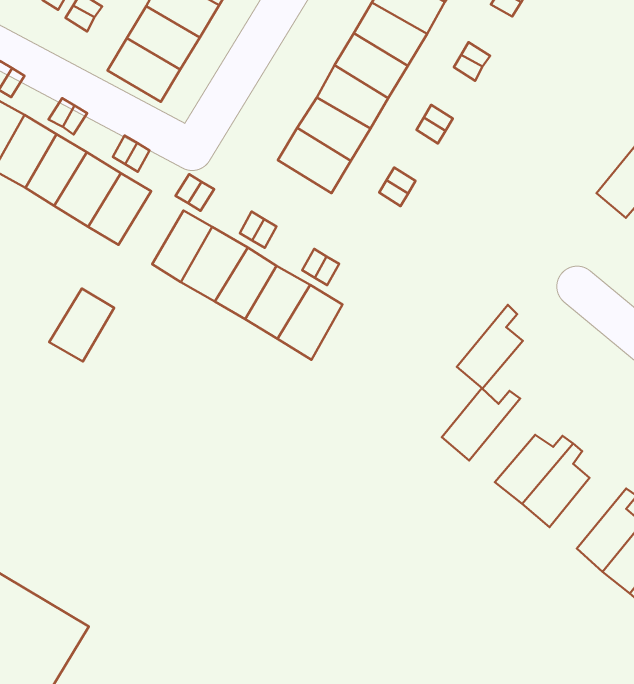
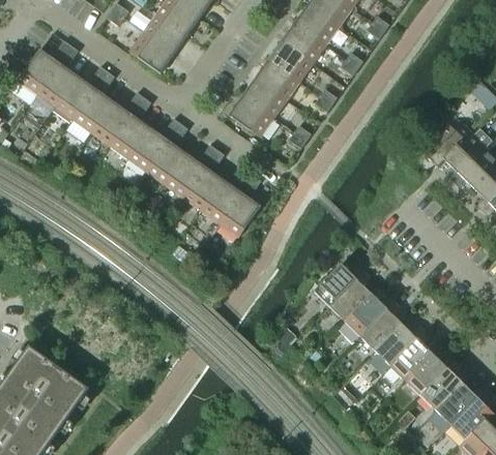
building: [49,289,114,362] -> [126,127,168,172]
building: [457,305,523,389] -> [329,272,371,322]
building: none -> [375,324,424,366]

